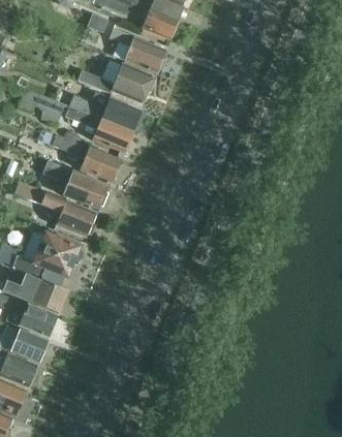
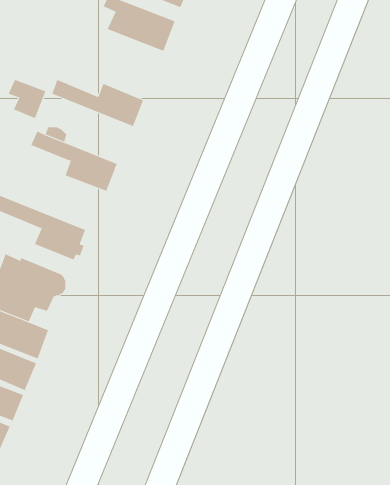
building: [80,61,153,102] -> none
building: [64,106,132,154] -> none
building: [42,161,107,209] -> none

